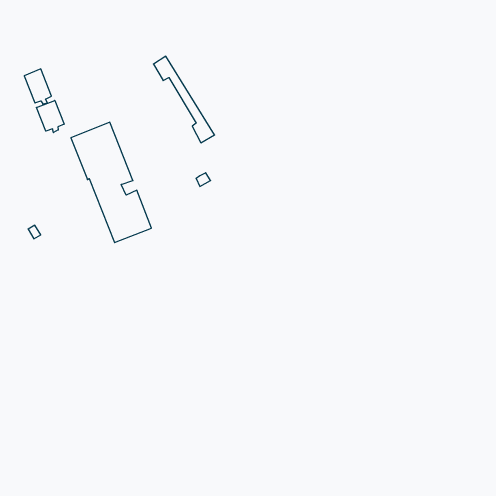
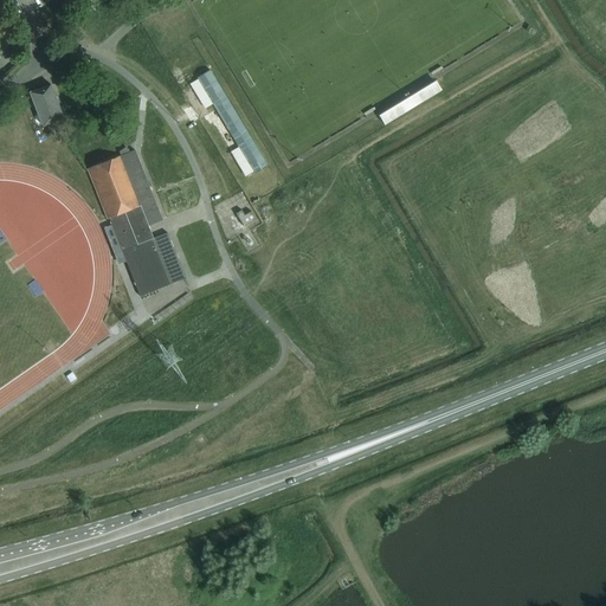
building: [36,100,64,133] -> none

